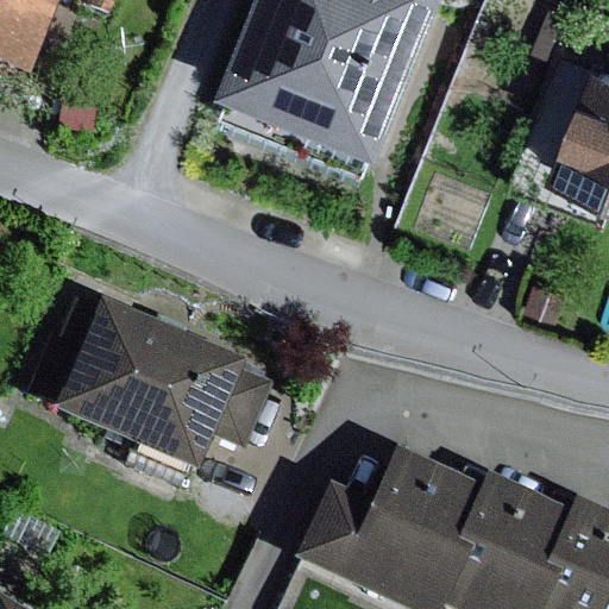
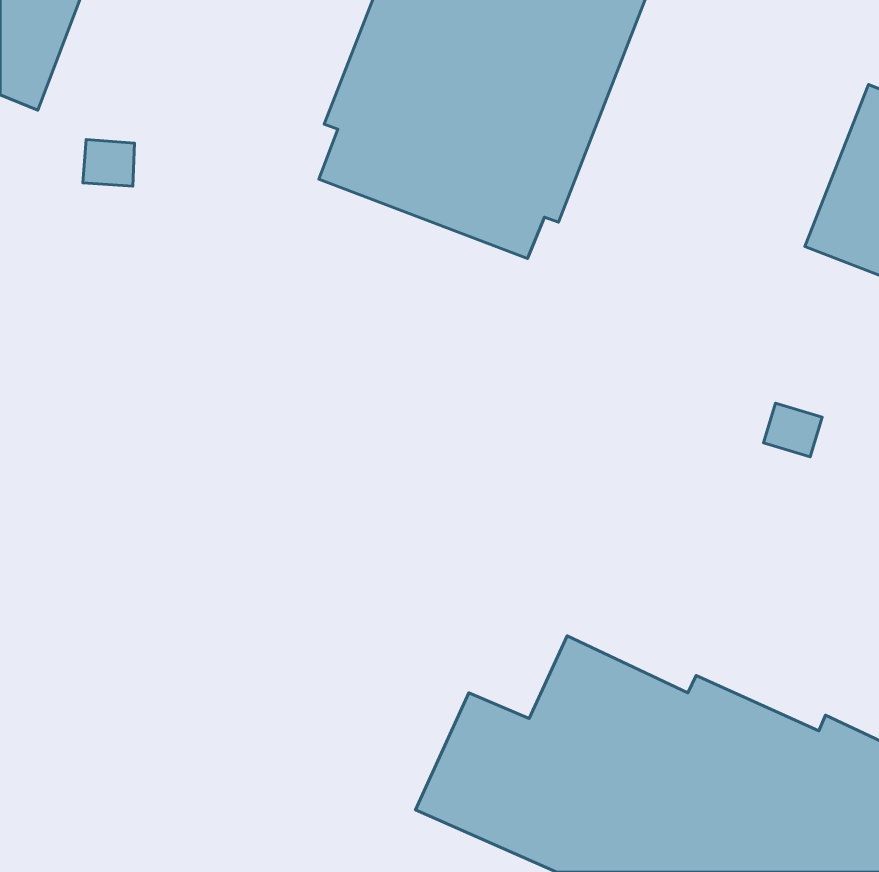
building: [50,296,271,472] -> none

